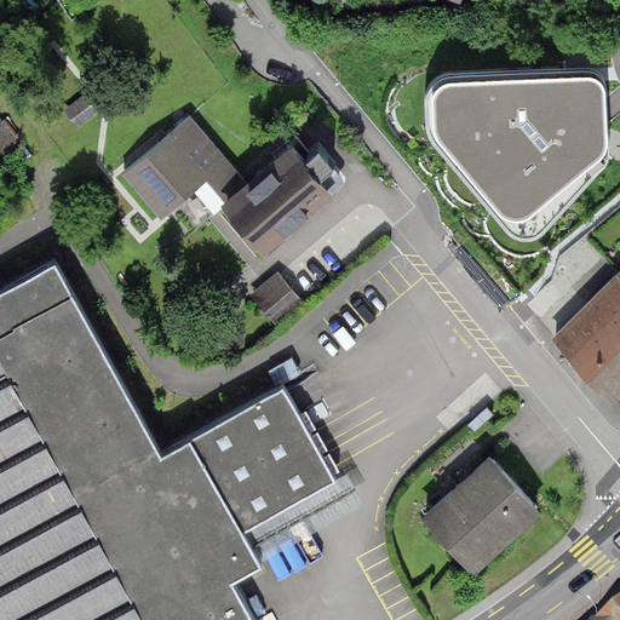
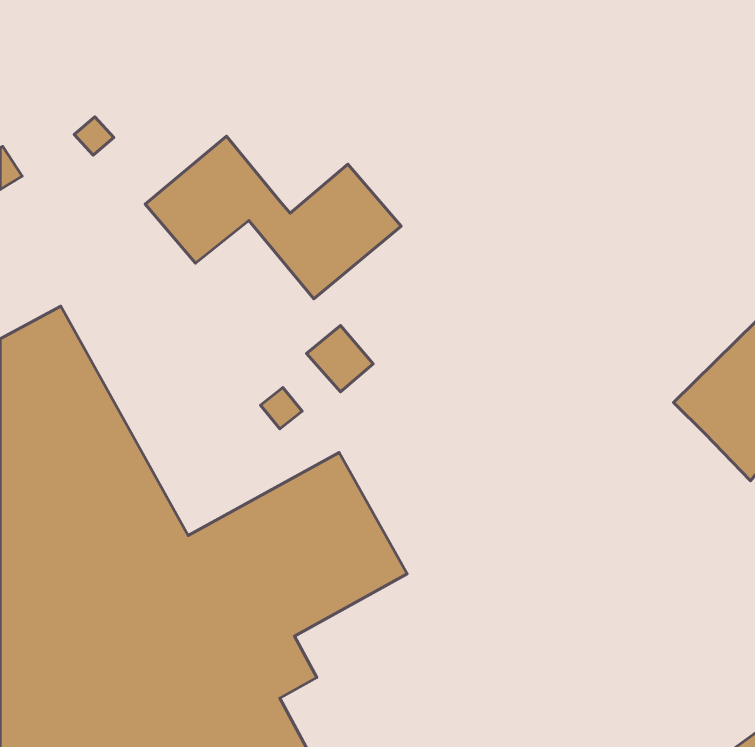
building: [431,78,612,243] -> none
building: [420,457,539,575] -> none

